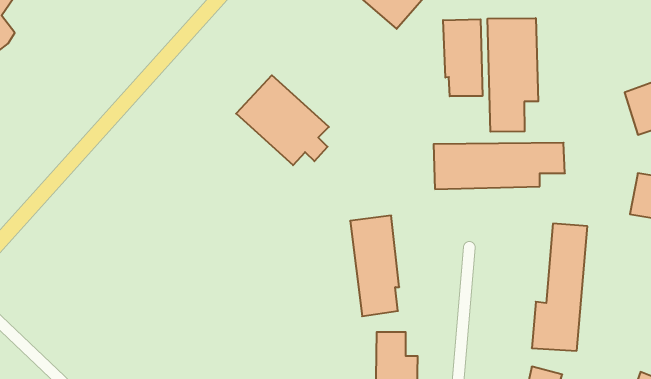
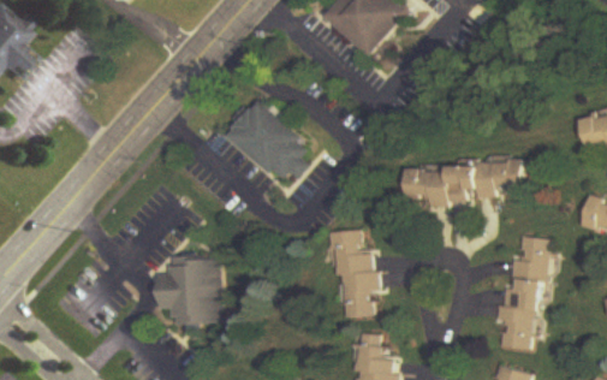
building: [488,18,538,132] -> none
building: [443,19,482,96] -> none
building: none -> [159,257,215,326]

